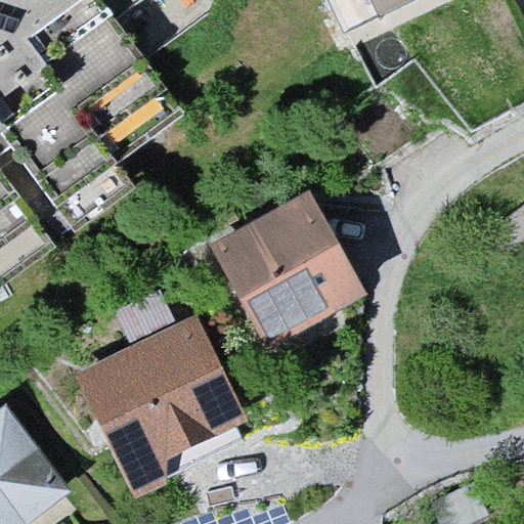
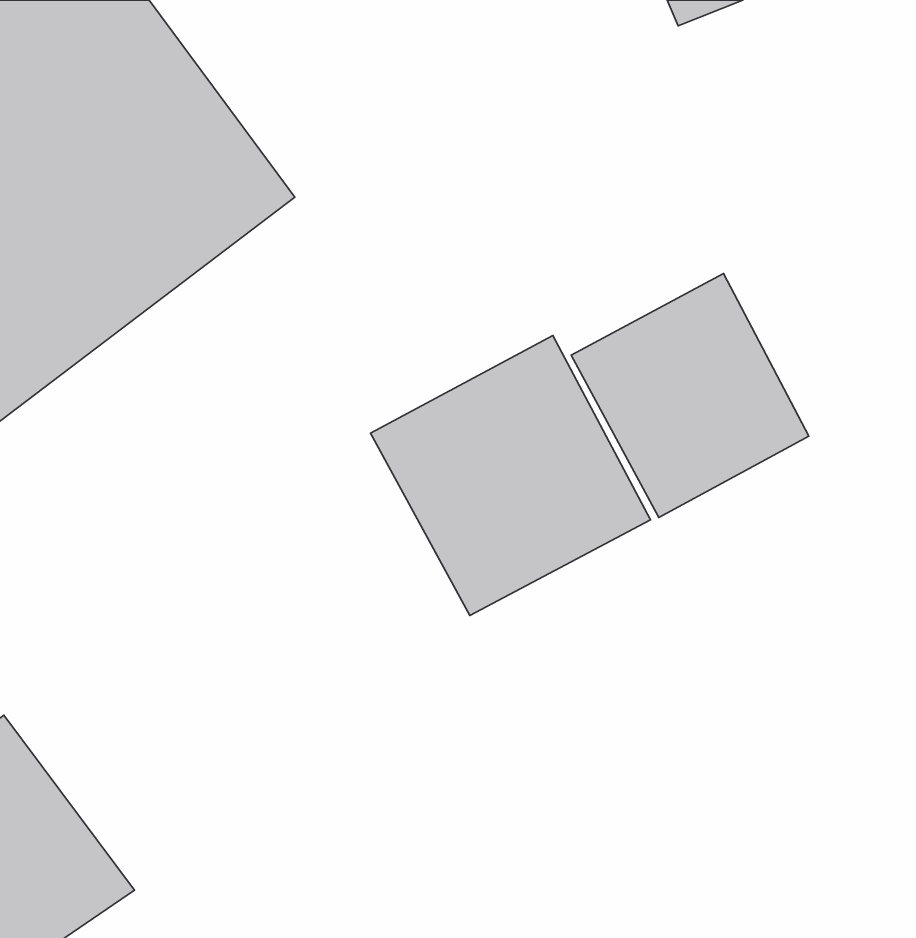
building: none -> [571,274,809,517]
building: [62,301,255,492] -> none

